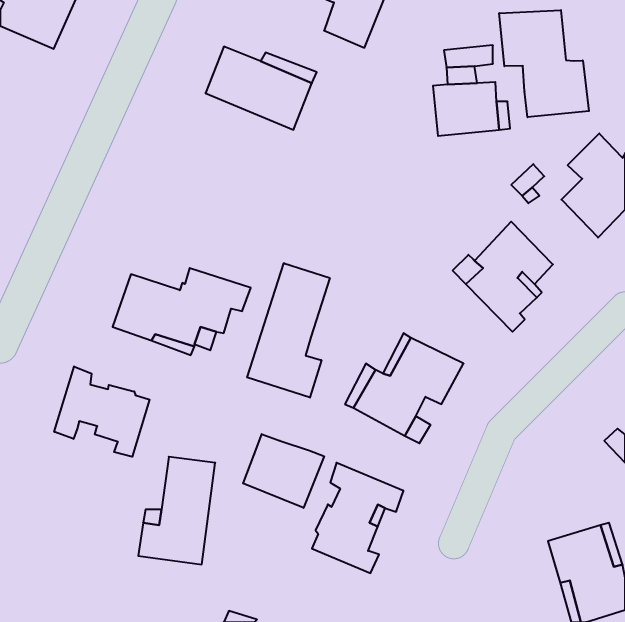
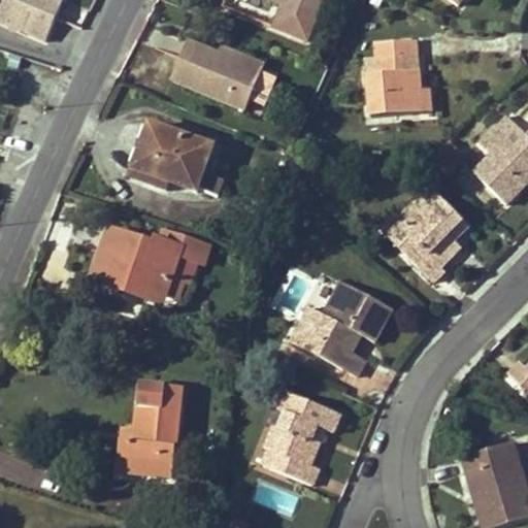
building: [499,10,589,117] -> none
building: none -> [133,125,225,195]
building: [247,263,330,398] -> none
building: [54,366,150,457] -> none
building: [243,434,324,508] -> none

